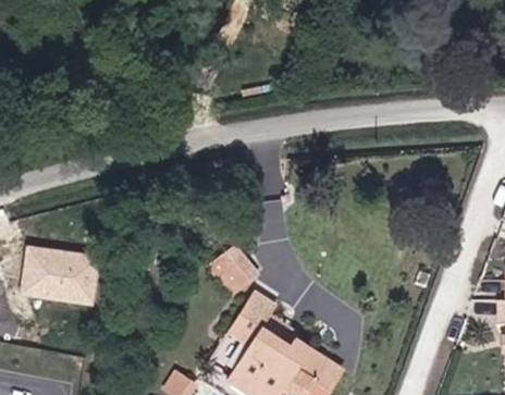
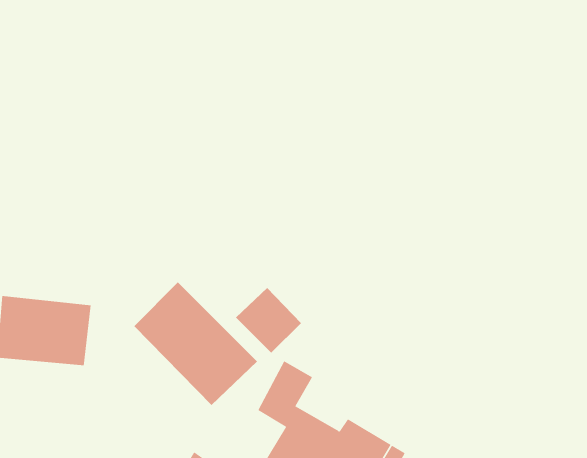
building: none -> [134,281,258,406]

